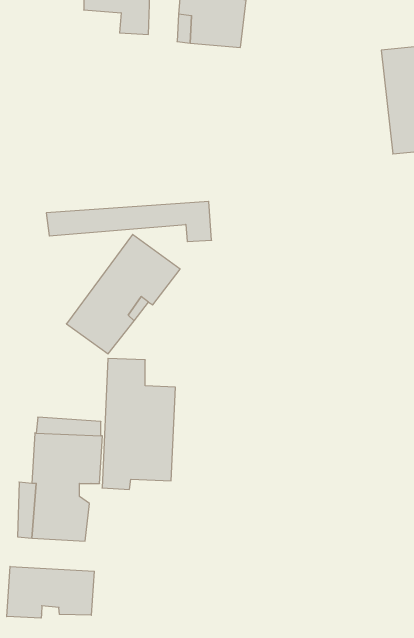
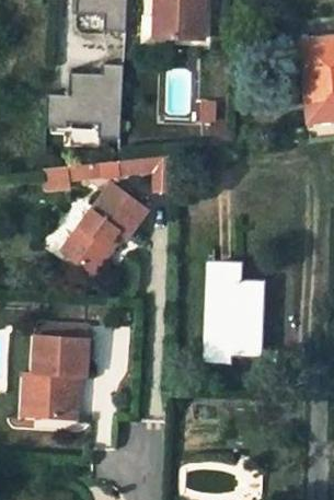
building: none -> [44,62,122,141]
building: [102,358,175,489] -> [206,263,262,362]
building: [7,566,94,618] -> none

